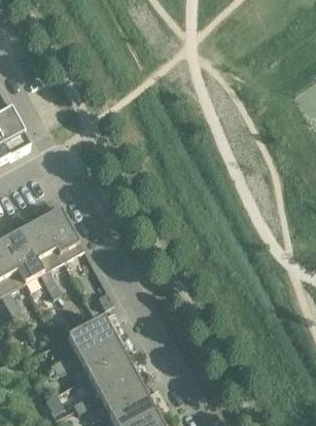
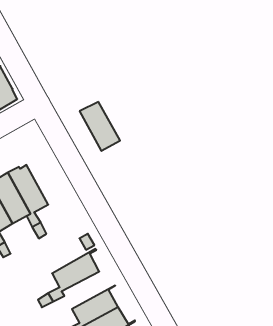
building: [38,205,82,258] -> [80,102,120,151]
building: [76,331,135,372] -> none

